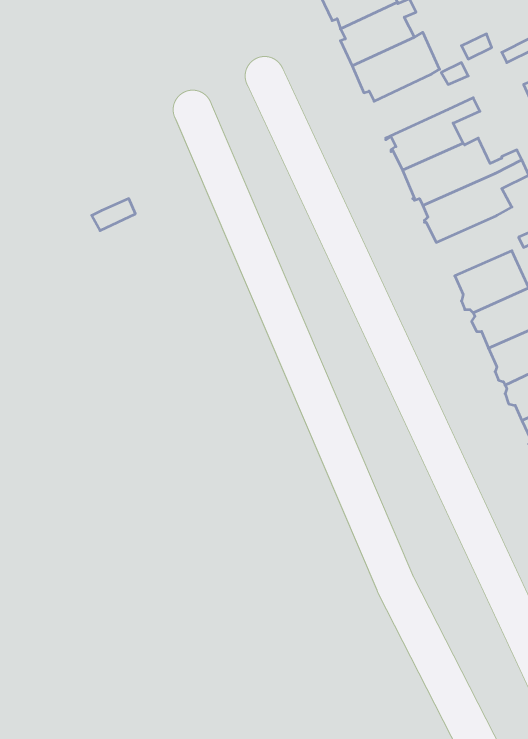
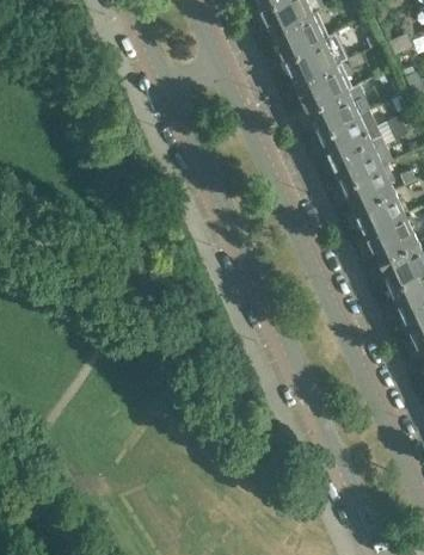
building: none -> [295,63,348,109]
building: none -> [339,164,393,206]

